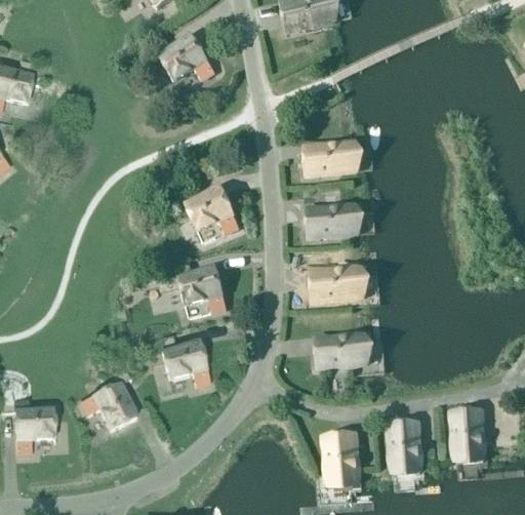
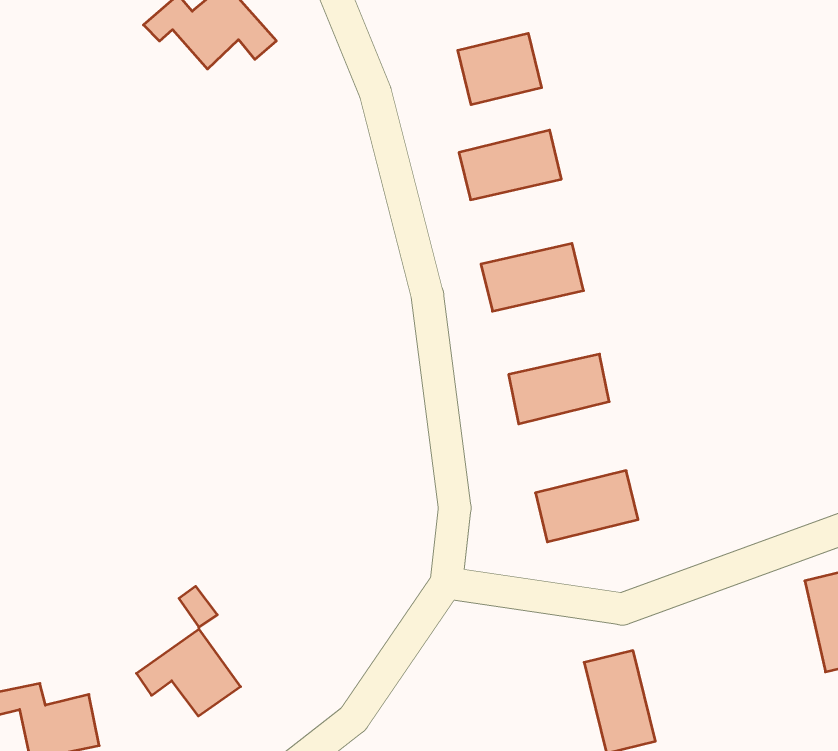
building: none -> [458,33,542,105]
building: [168,186,240,233] -> none
building: [166,261,228,312] -> none
building: [150,334,211,387] -> none
building: [391,422,421,475] -> none

